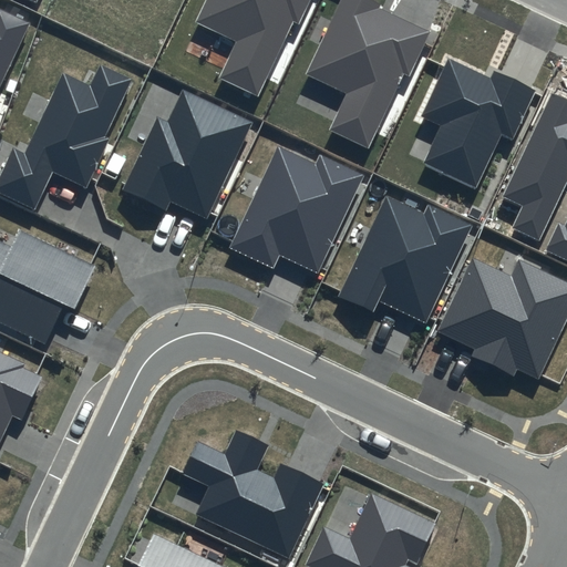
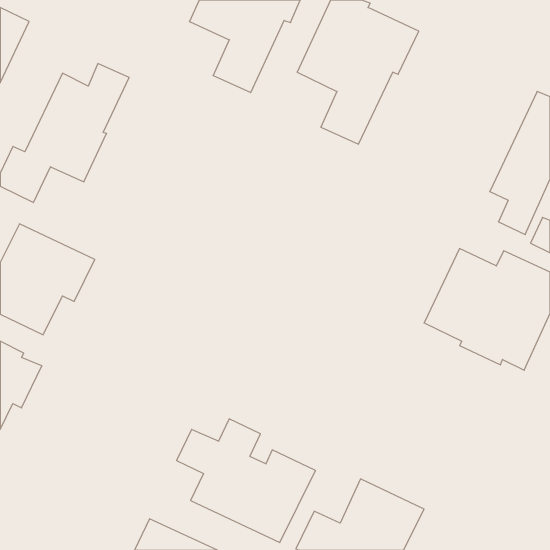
building: [420,58,535,190] -> none
building: [122,90,251,218] -> none
building: [229,145,364,272] -> none
building: [339,196,472,322] -> none

